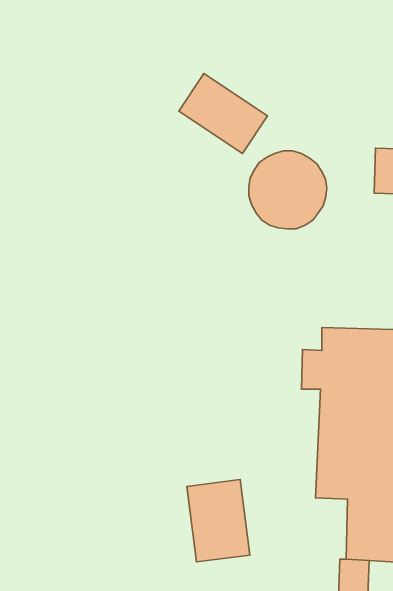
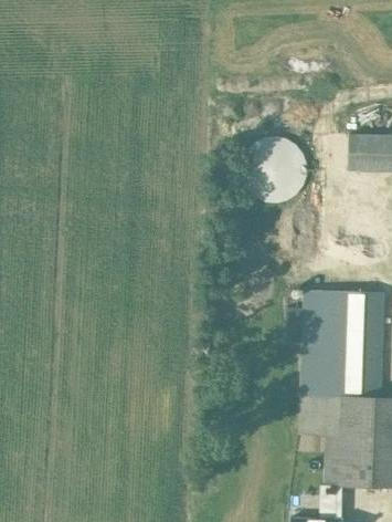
building: [179,73,268,153] -> none
building: [187,480,250,562] -> none

